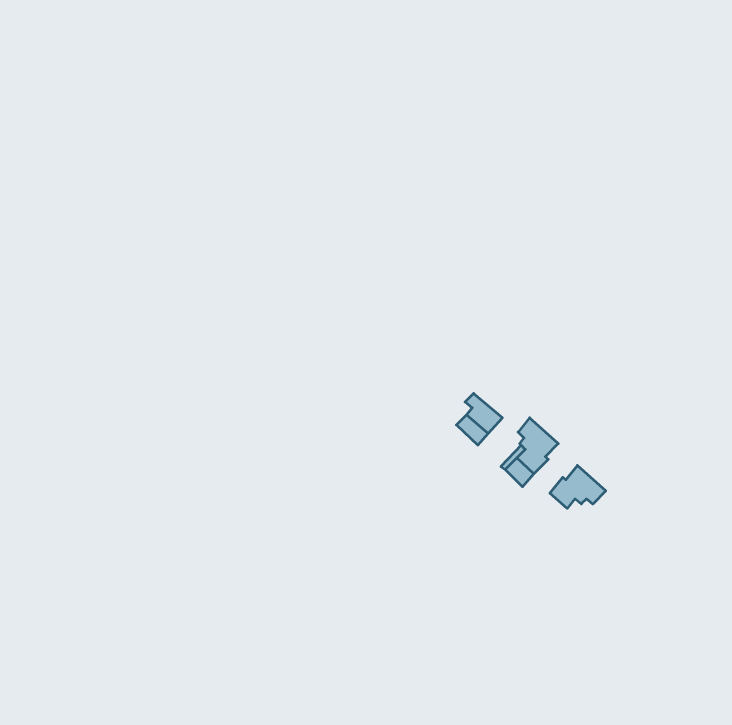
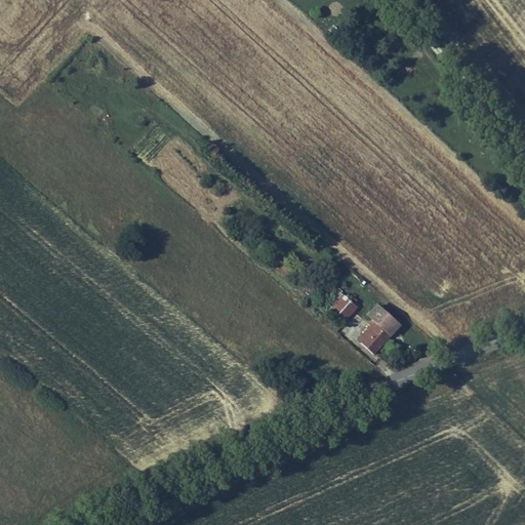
building: [550,465,606,508] -> none

